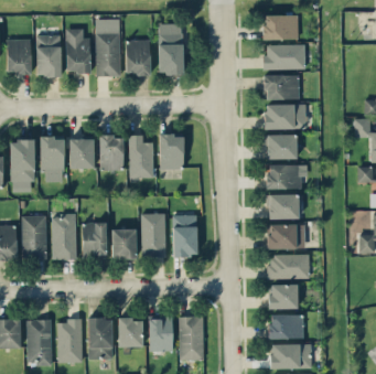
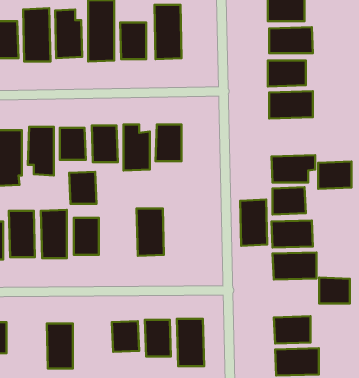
building: [266,133,297,159] -> [318,162,351,189]
building: [172,214,197,257] -> [240,200,267,246]
building: [111,228,137,258] -> [69,172,96,204]
building: [269,284,298,308] -> [319,277,350,304]
building: [88,317,112,359] -> none
building: [26,319,52,364] -> none

